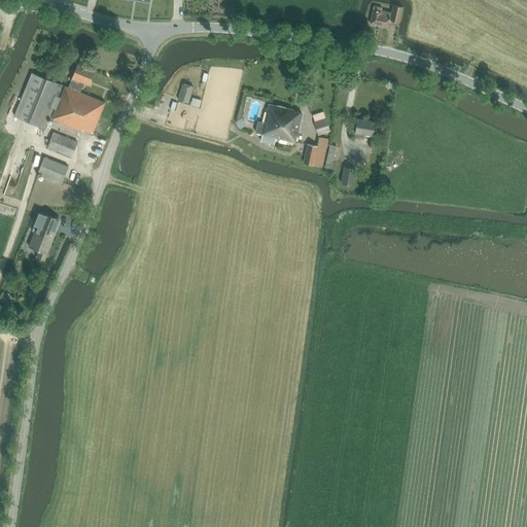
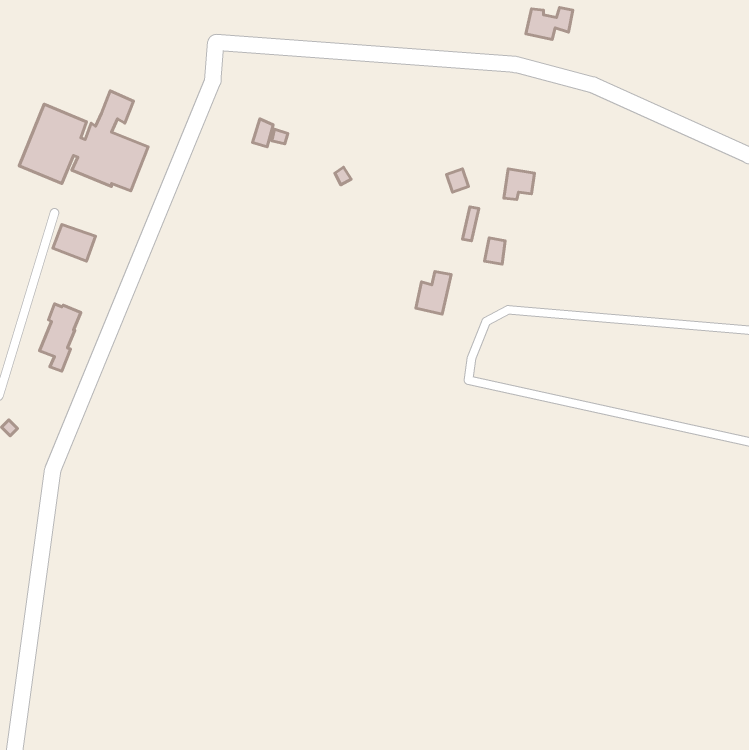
building: [254,104,301,144] -> none
building: [47,133,76,156] -> none
building: [303,137,327,167] -> [416,272,451,314]

